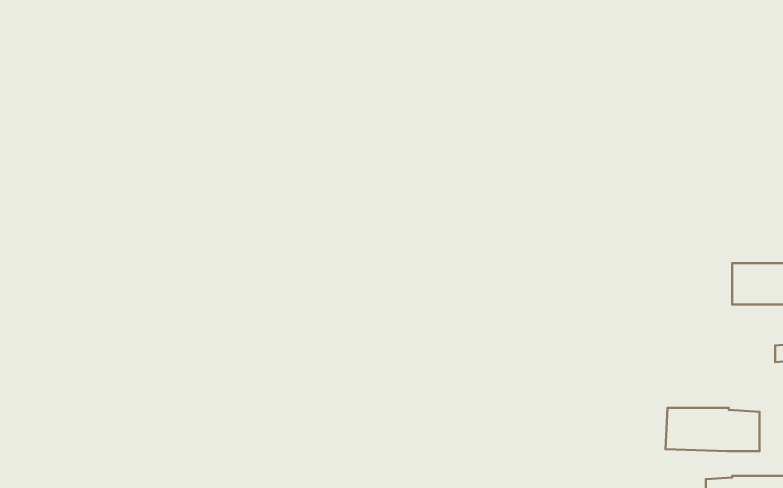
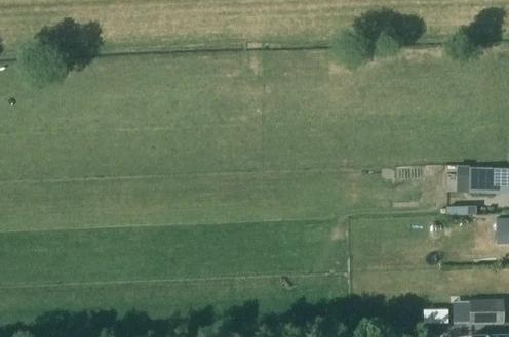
building: [666,408,760,451] -> none

